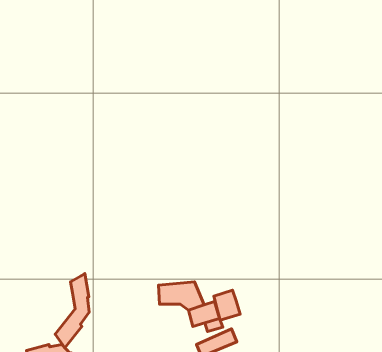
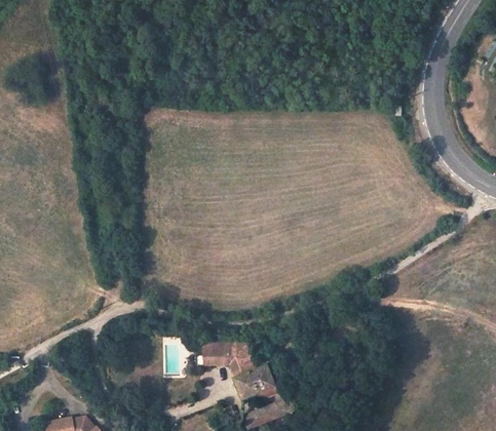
building: [55,273,89,348] -> none
building: [214,290,240,320] -> none

